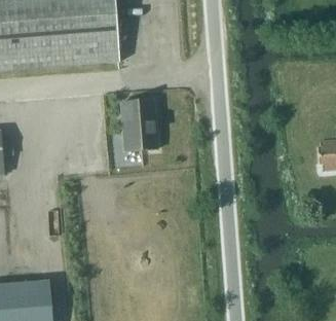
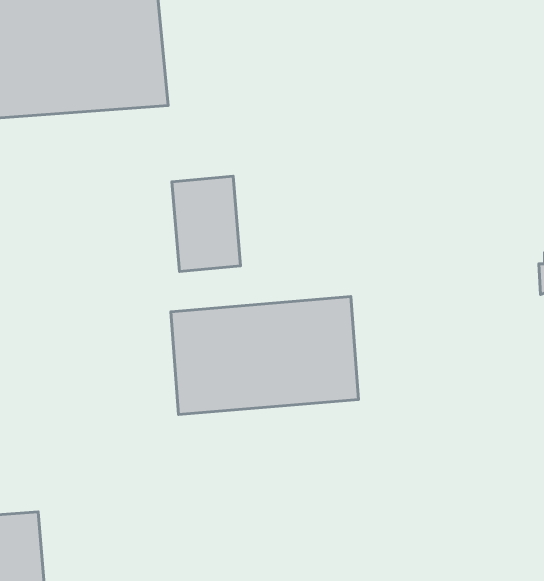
building: none -> [171,296,359,415]

